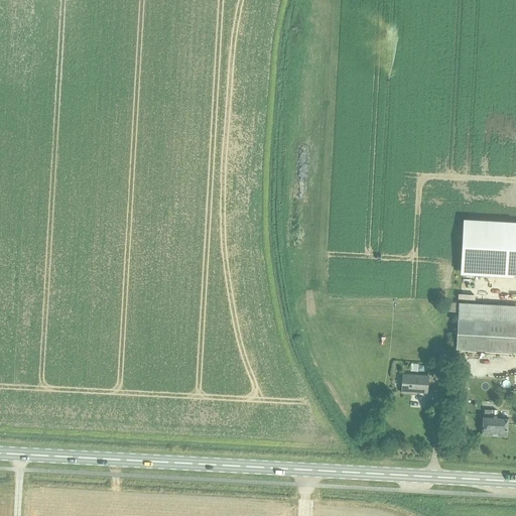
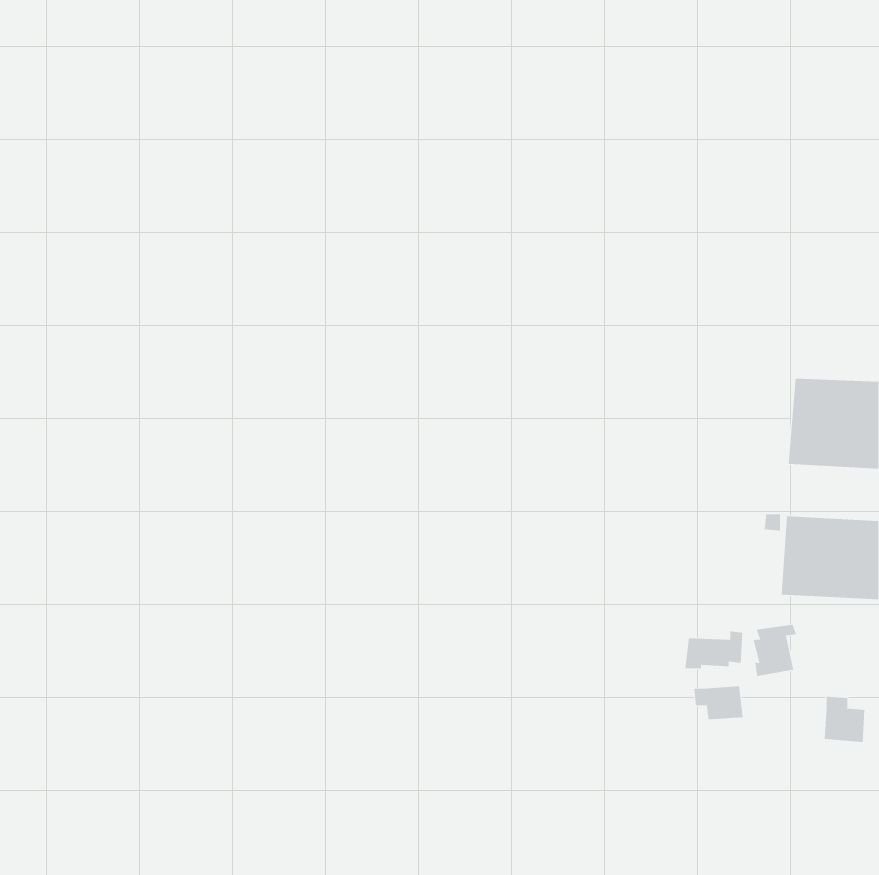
building: none -> [753,624,797,677]
building: none -> [694,686,743,720]

